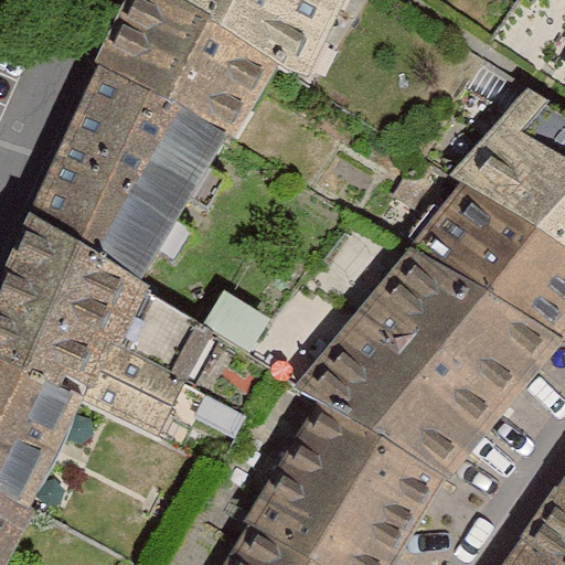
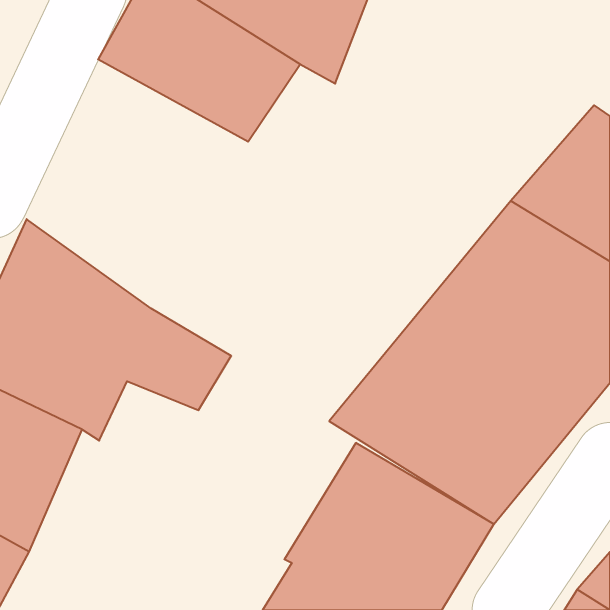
building: [24,54,226,281] -> none
building: [90,348,181,429] -> none

